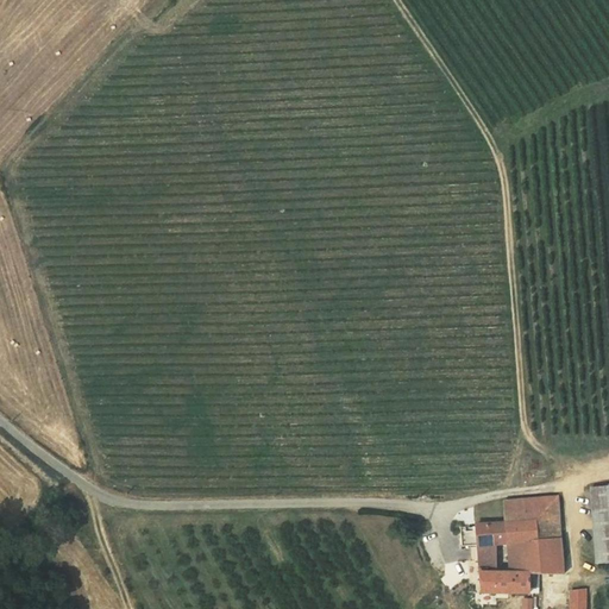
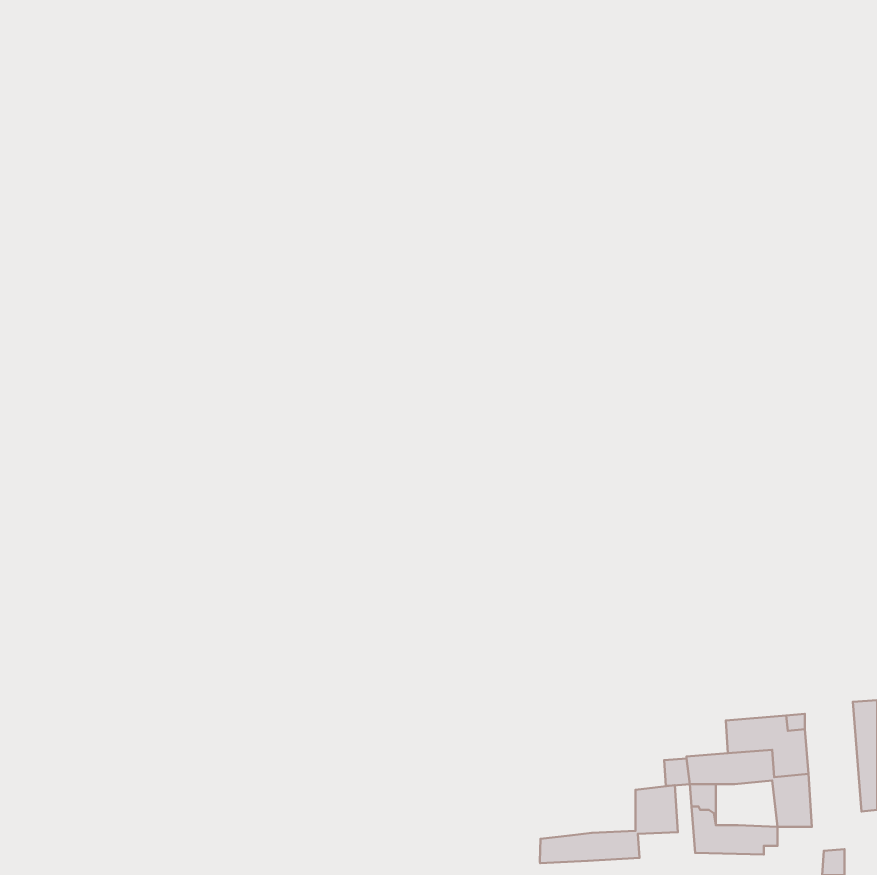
building: [509,541,539,573] -> none
building: none -> [540,785,678,863]

